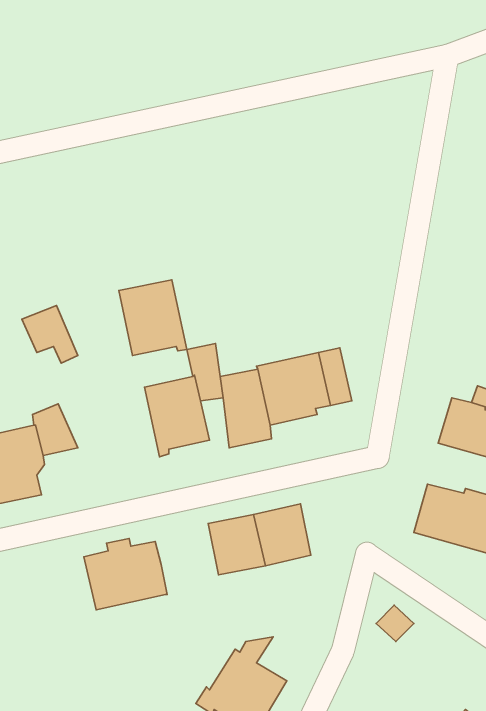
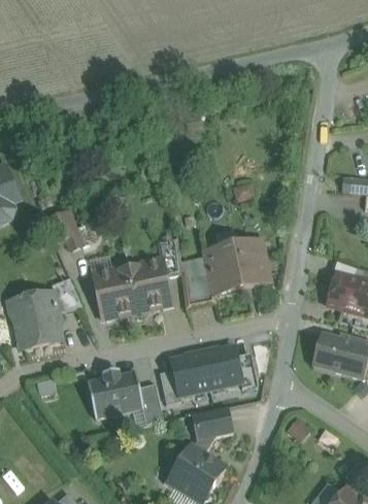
building: [119,280,187,355] -> [93,266,139,317]
building: none -> [140,382,164,424]
building: none -> [192,406,234,439]

